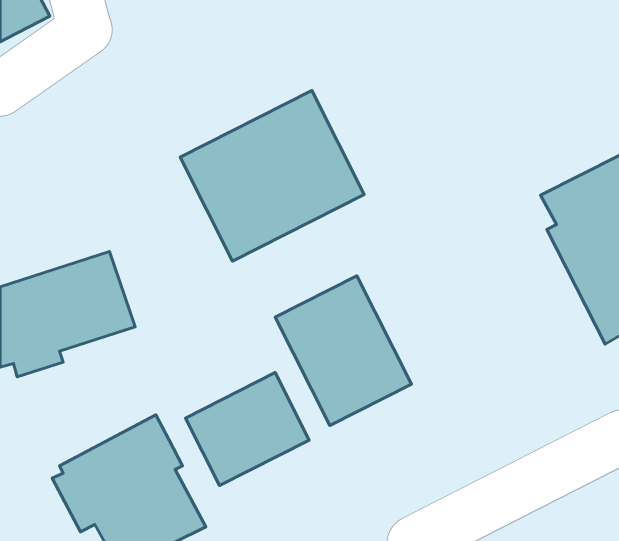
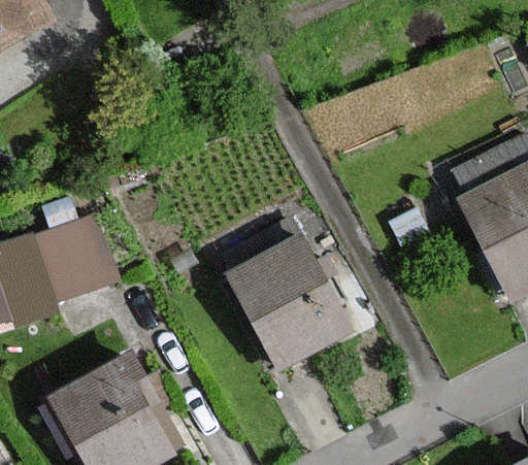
building: [180,91,364,261] -> none
building: [185,373,309,486] -> none

